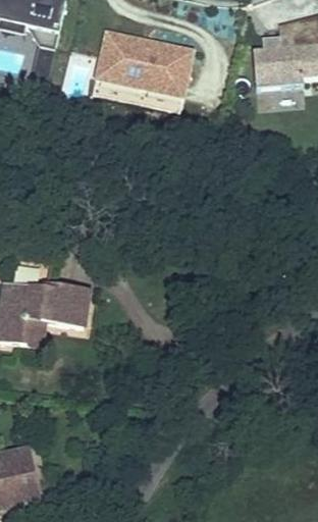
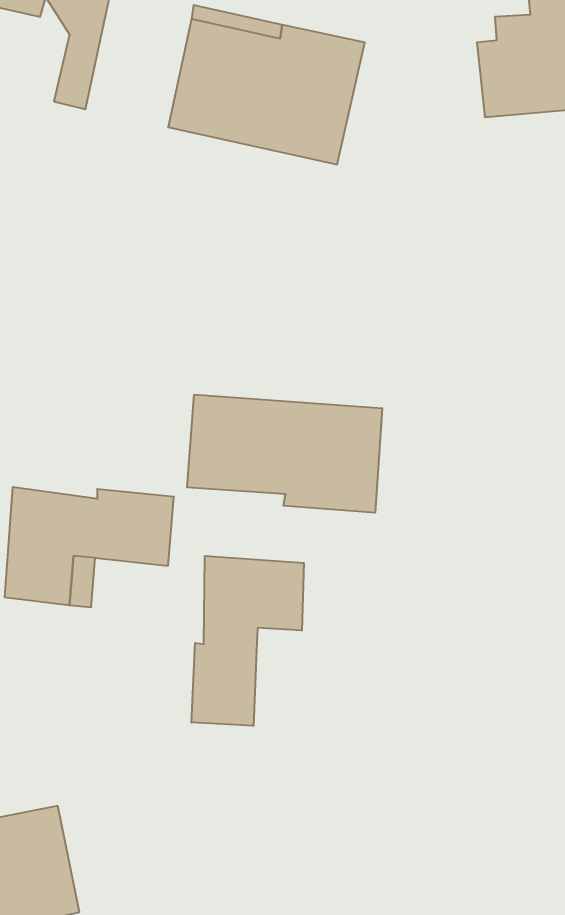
building: none -> [187,395,382,513]
building: none -> [191,556,304,726]

